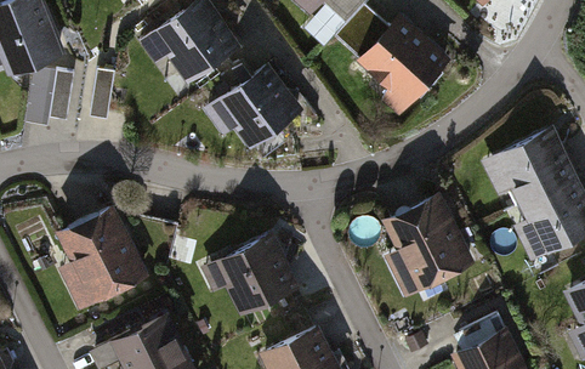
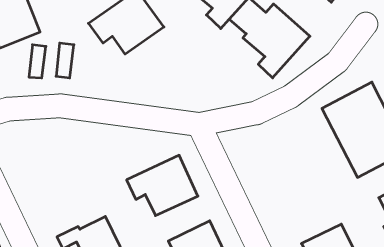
building: [206,64,309,153] -> none
building: [376,192,468,299] -> none
building: [52,203,146,310] -> none

